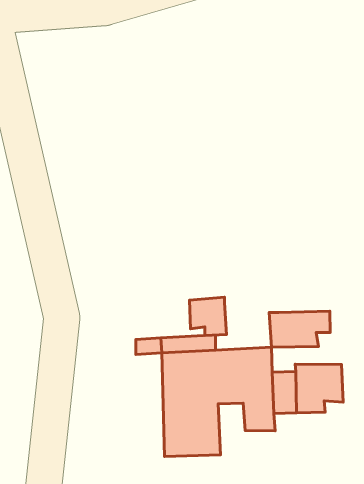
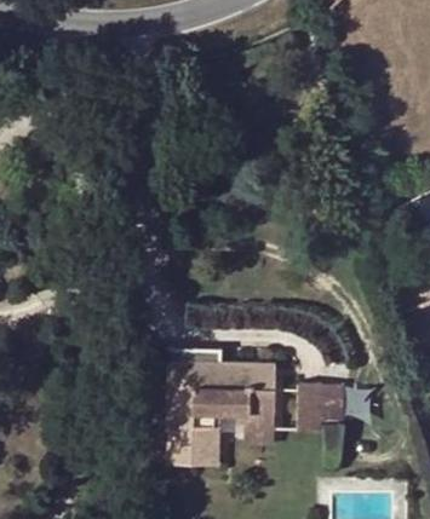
building: [190,297,226,335] -> none
building: [269,311,330,347] -> none

